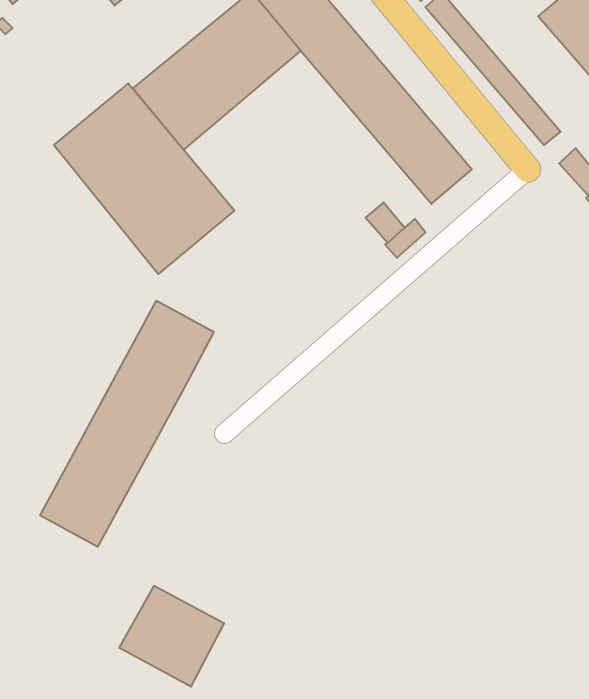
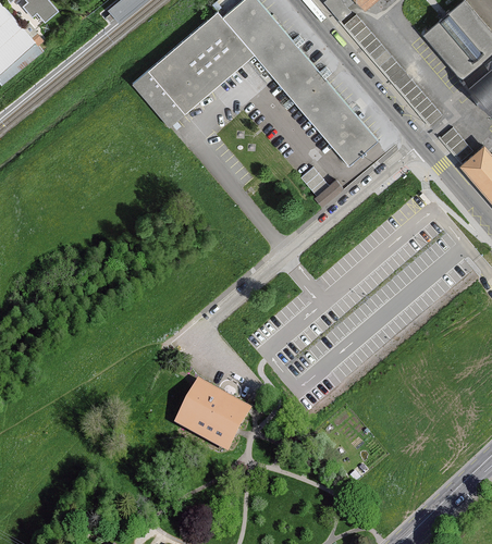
building: [54,83,235,274] -> none
building: [40,301,214,547] -> none
building: [119,586,224,687] -> [175,380,251,453]

